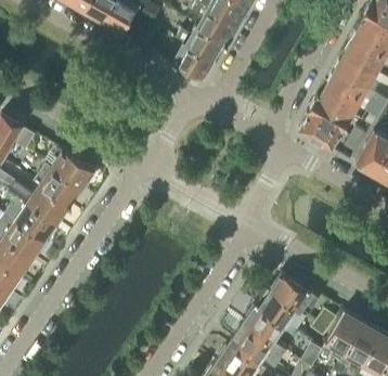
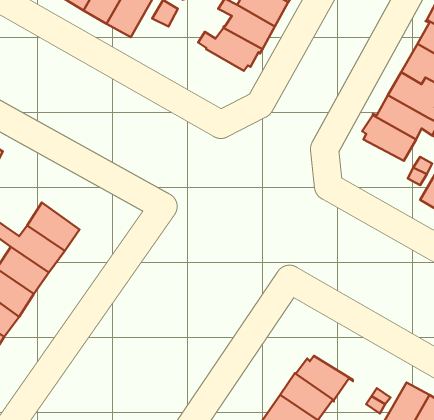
building: [168,43,214,80] -> none
building: [300,116,342,152] -> none
building: [51,147,93,189] -> none
building: [270,274,319,310] -> none

